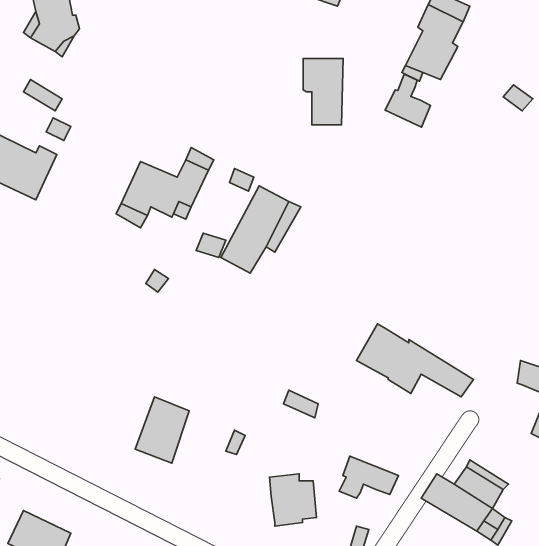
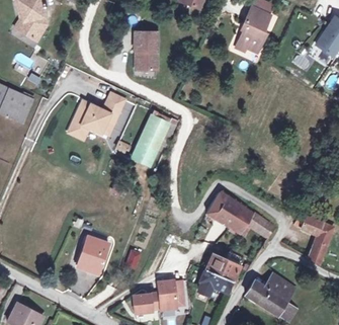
building: [303,59,343,125] -> [134,31,157,70]
building: [385,74,431,127] -> none
building: none -> [203,255,239,282]
building: none -> [132,295,160,315]

